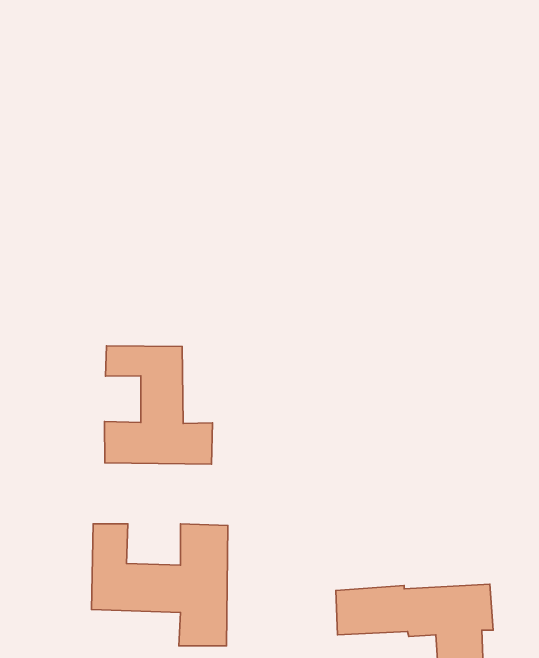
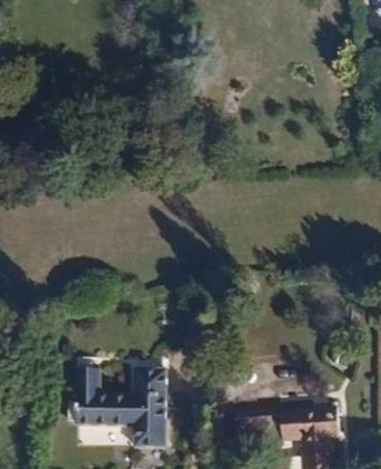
building: [104,346,213,464] -> none

